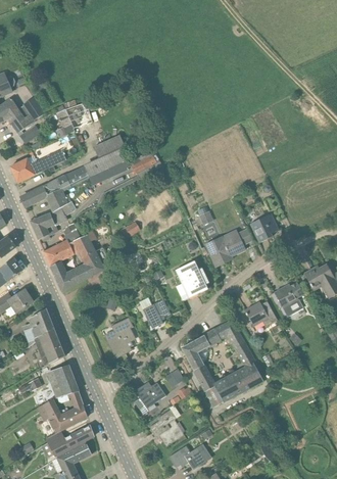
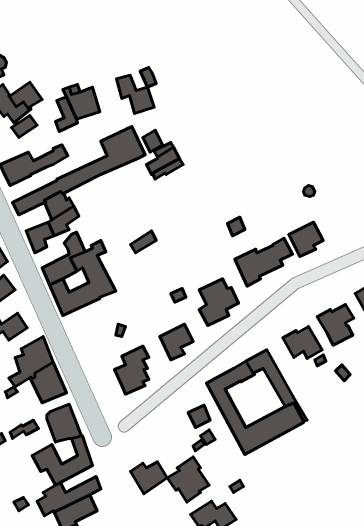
building: none -> [116,75,154,113]
building: [135,382,165,409] -> [130,462,167,494]

